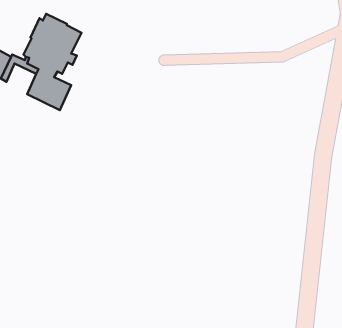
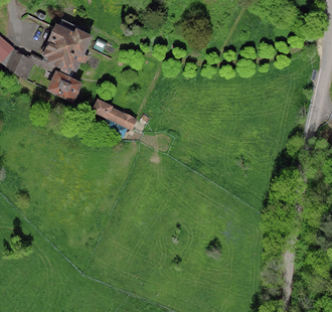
building: none -> [92,98,138,130]

